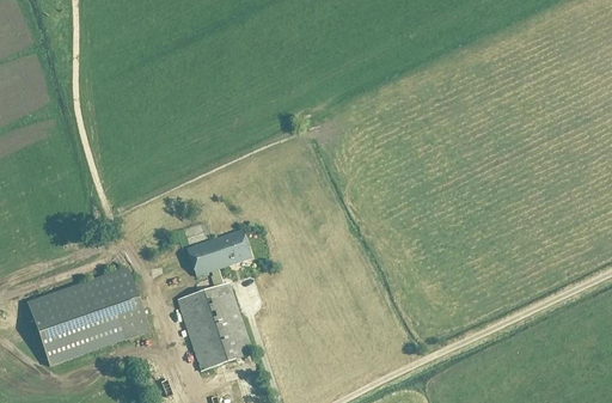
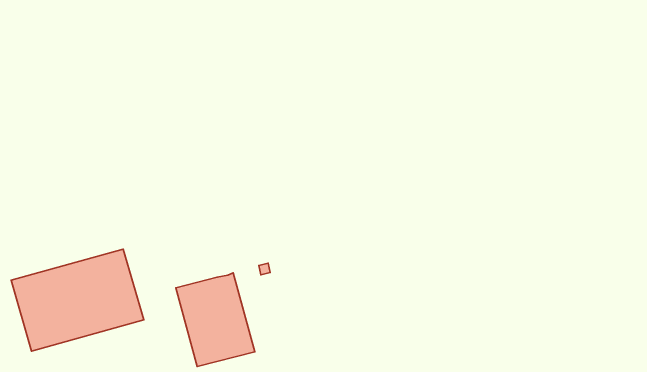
building: [185,228,250,275] -> none

